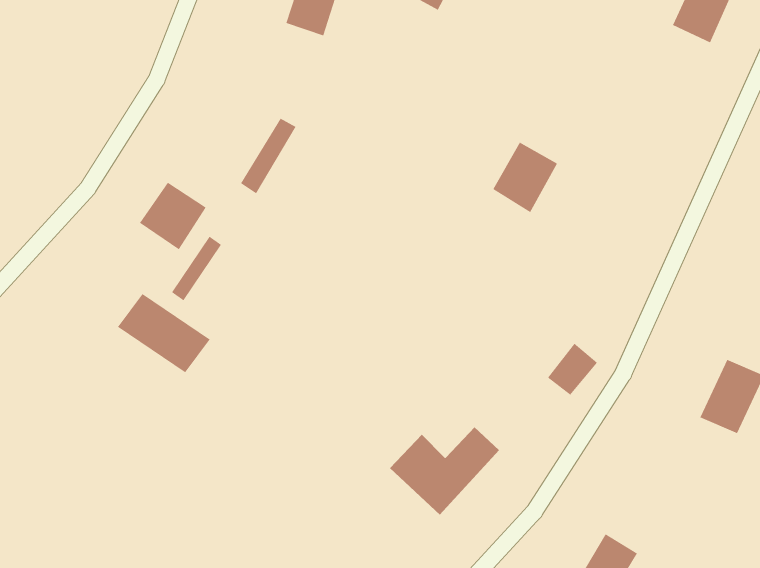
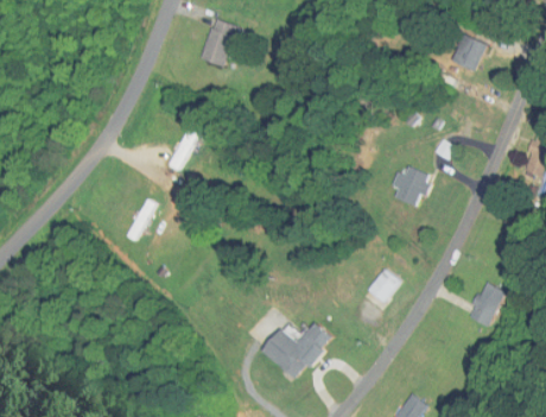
building: [492,142,558,213] -> [391,164,433,210]
building: [139,182,207,250] -> none
building: [117,293,210,373] -> none

